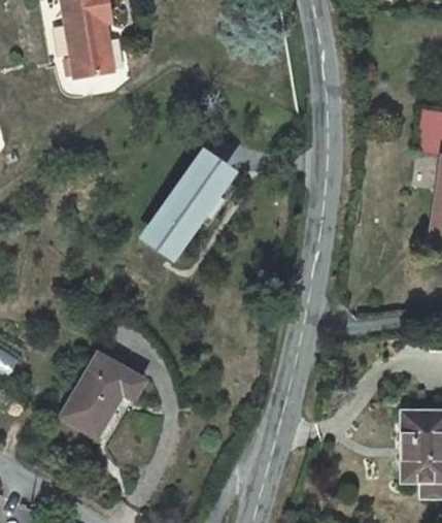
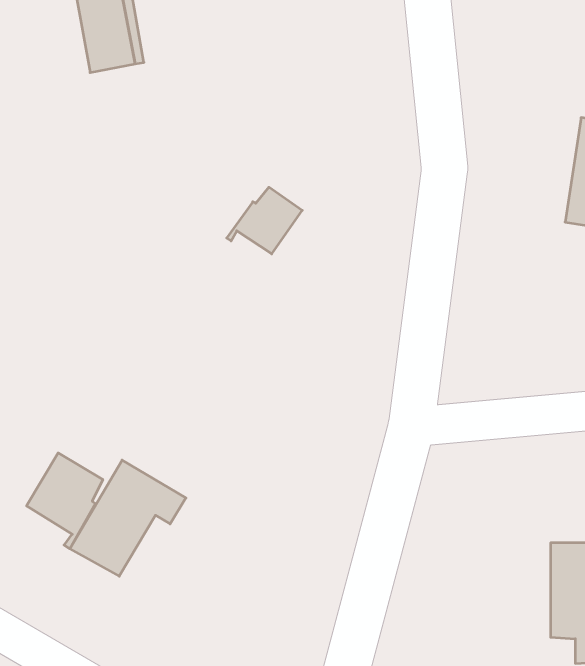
building: [149,190,204,249] -> none
building: none -> [27,453,103,549]

